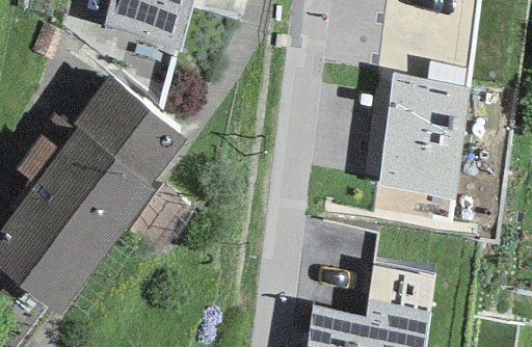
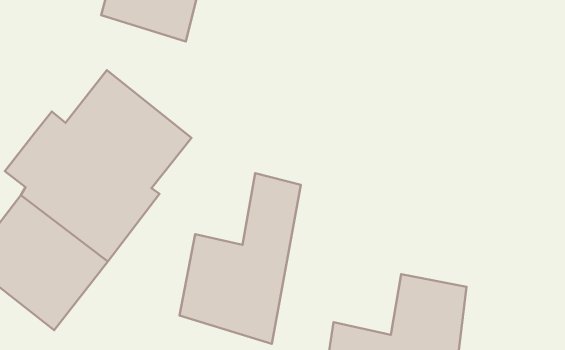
building: [378,74,469,199] -> none
building: none -> [180,173,301,344]

